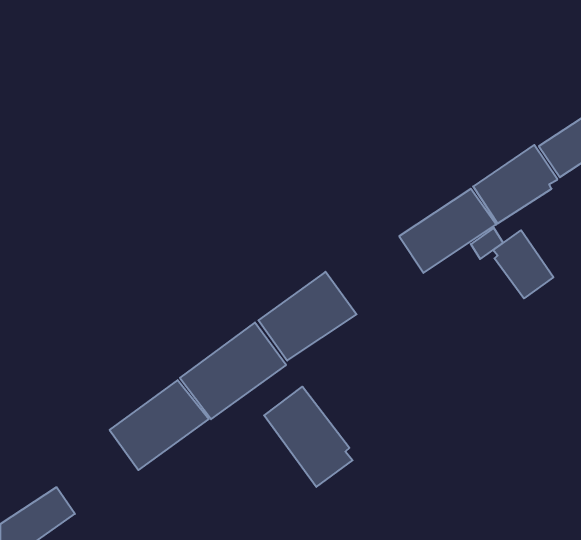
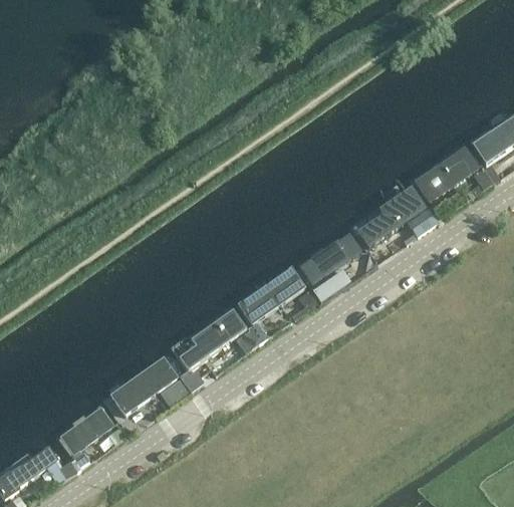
building: [493,230,553,298] -> none
building: none -> [291,223,368,292]
building: [264,387,353,487] -> none
building: none -> [53,403,119,462]

